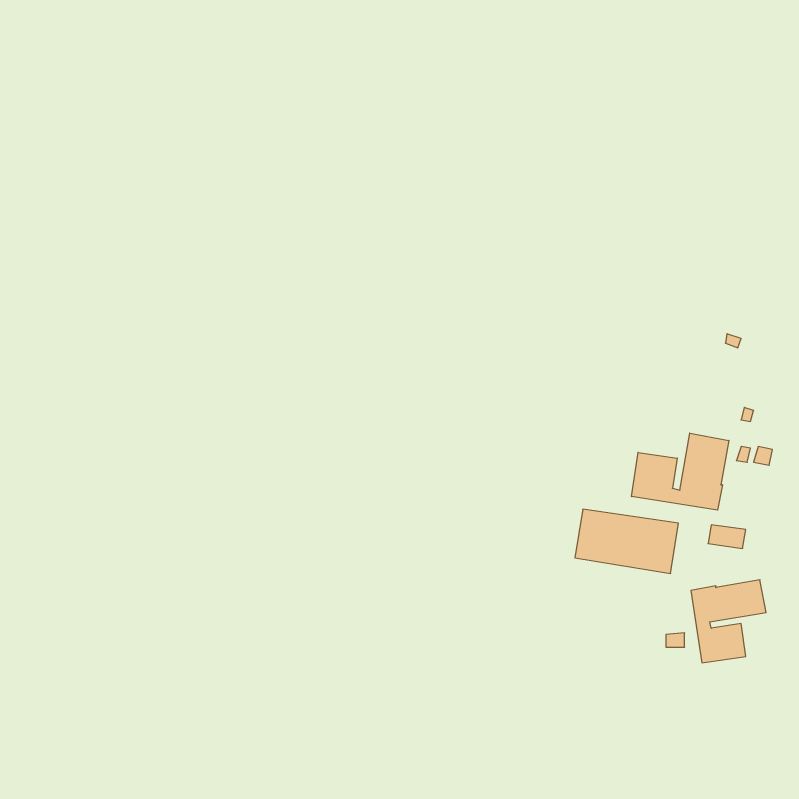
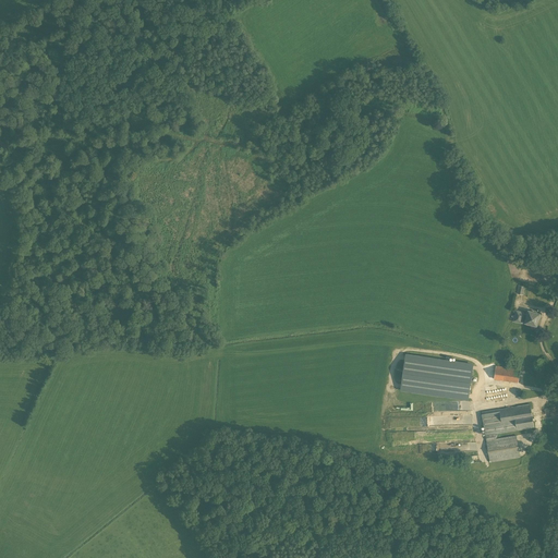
building: [632,433,729,510] -> none

